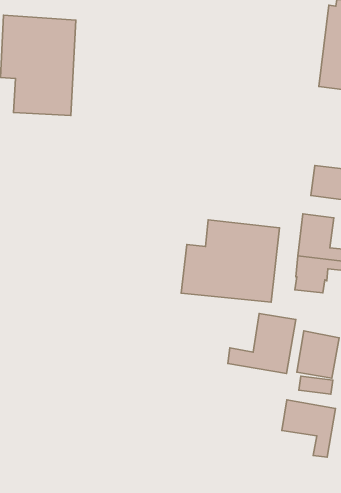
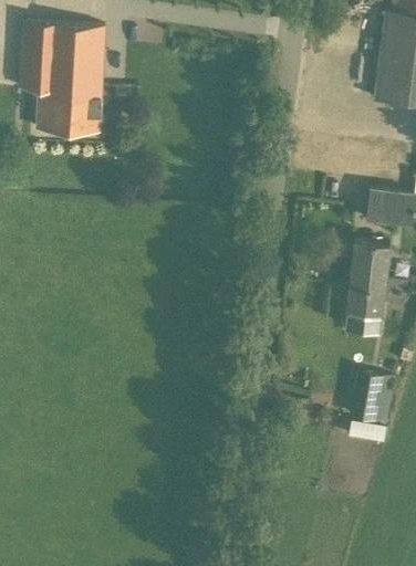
building: [181,220,279,302] -> none
building: [228,314,296,373] -> none
building: [282,400,336,457] -> none

